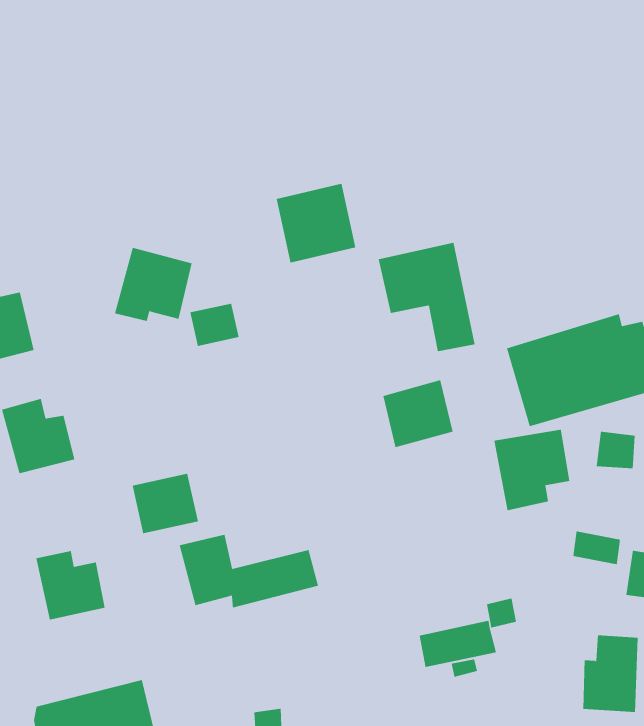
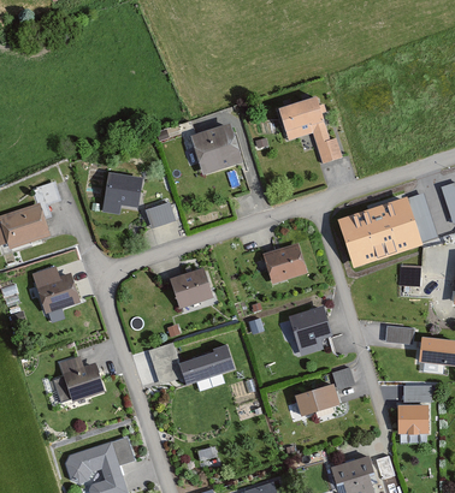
building: [378,242,475,352] -> [278,95,341,162]
building: [493,429,570,511] -> [286,304,335,356]
building: [132,473,199,534] -> [172,267,214,305]

